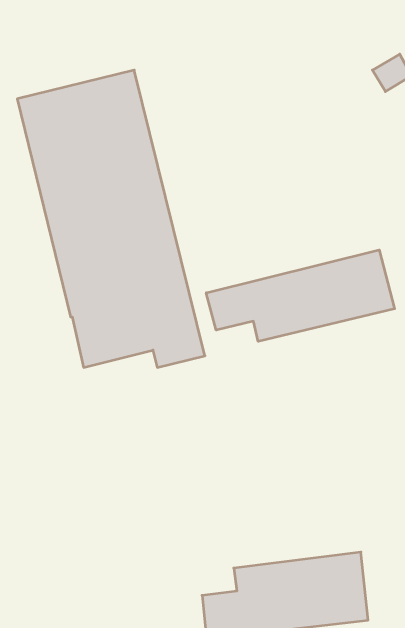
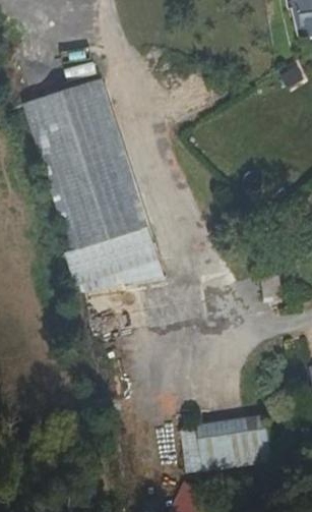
building: [206,250,395,341] -> none

